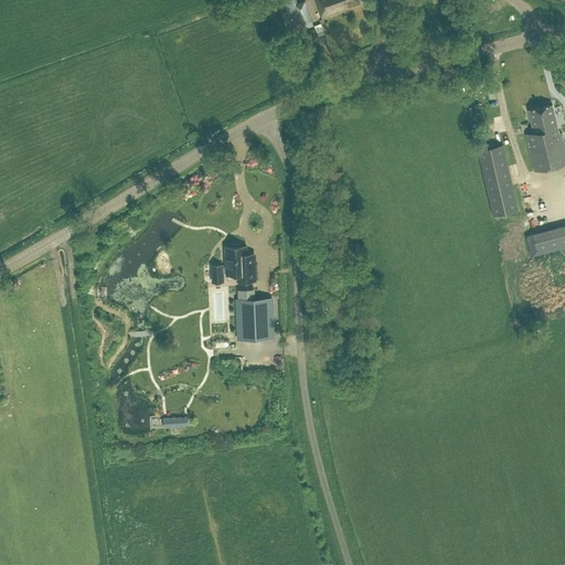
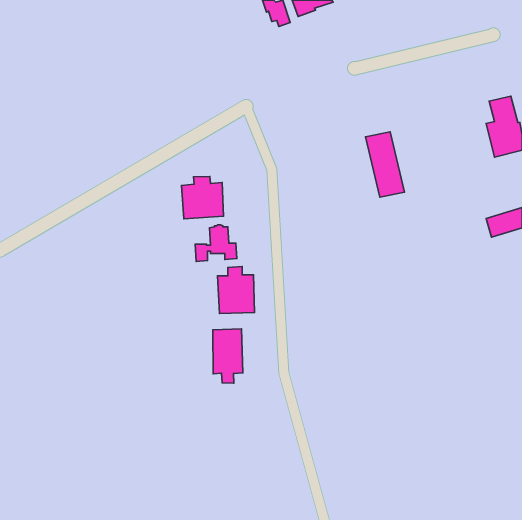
building: [477,146,519,216] -> [366,132,404,197]
building: none -> [181,176,223,219]
building: none -> [213,329,243,383]

